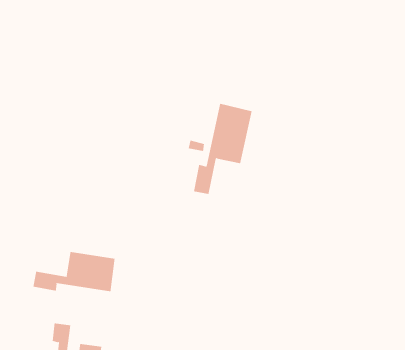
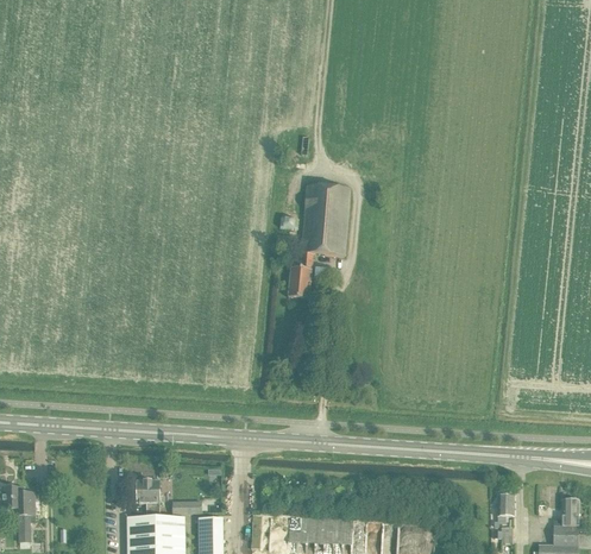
building: [33,251,115,292] -> none

